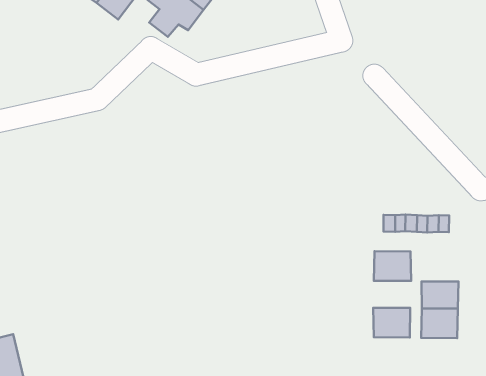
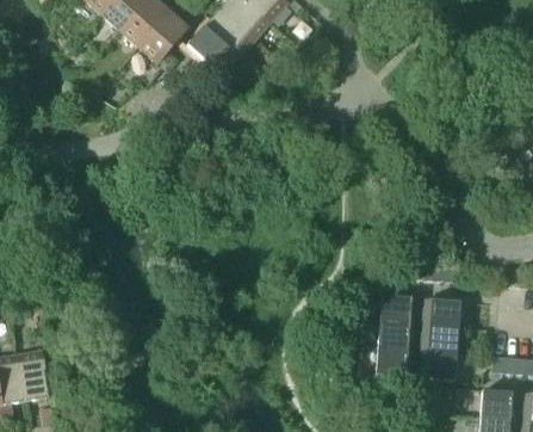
building: none -> [423,297,460,327]
building: none -> [377,321,414,348]

